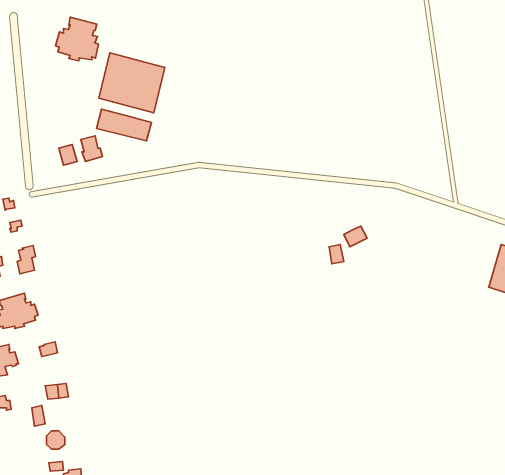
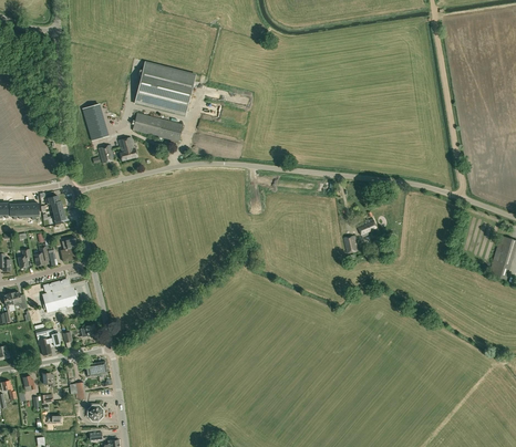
building: [55,17,99,61] -> none
building: none -> [82,104,107,141]

